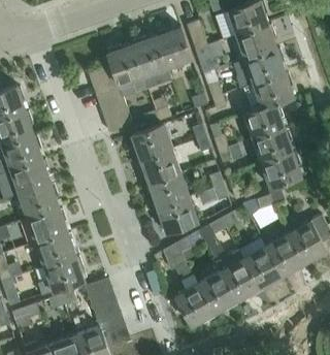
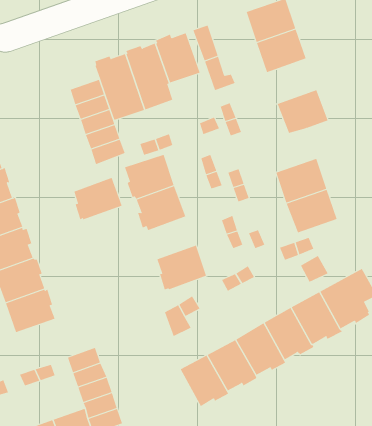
building: [244,47,285,84] -> none
building: [243,103,285,138] -> none
building: [150,173,189,207] -> [73,177,123,220]
building: [38,255,85,295] -> none

